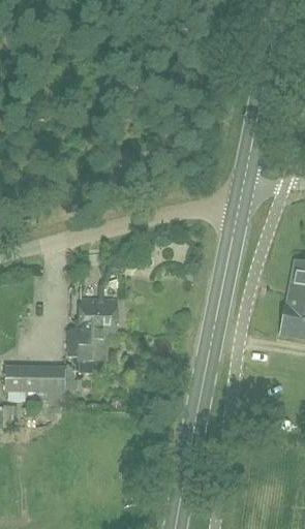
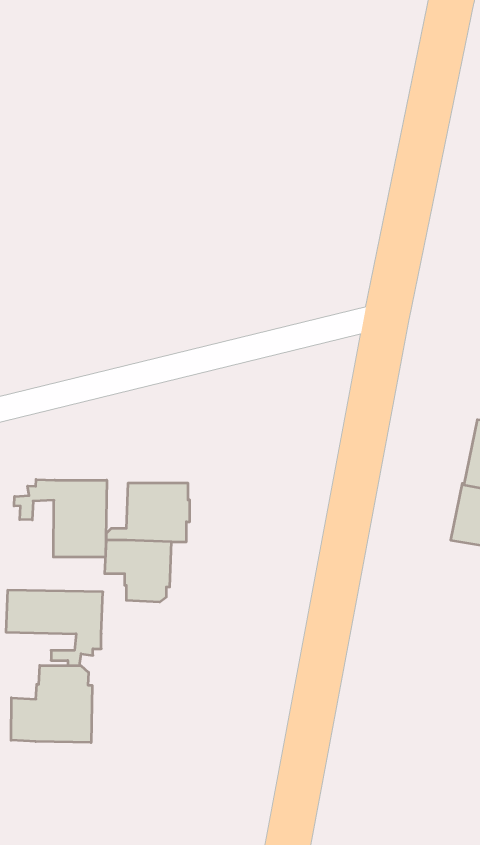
building: none -> [14,479,107,557]
building: none -> [11,665,92,743]

